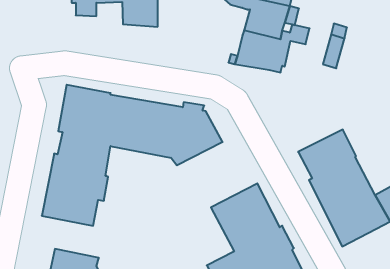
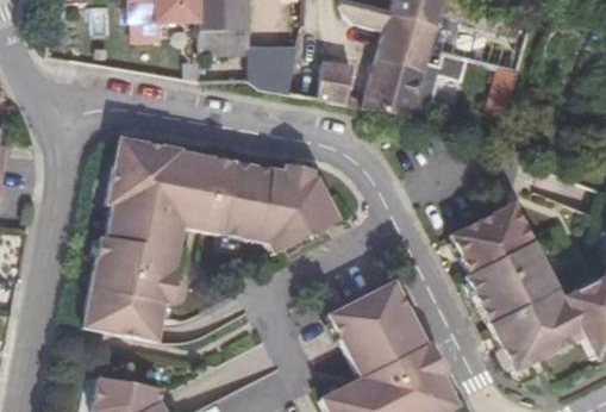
building: none -> [248,45,300,94]
building: none -> [317,60,354,105]

